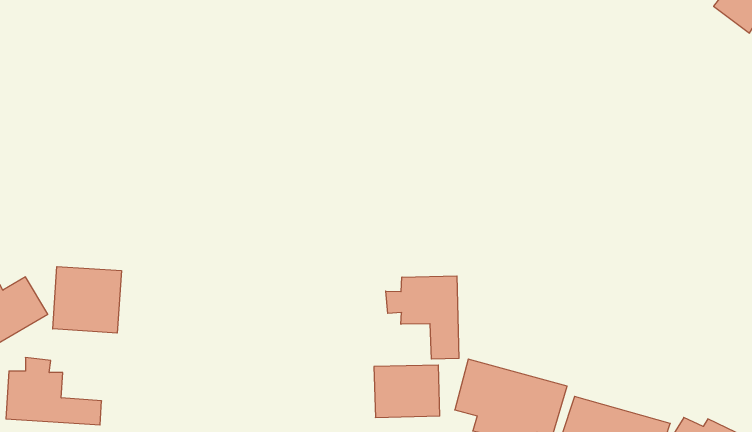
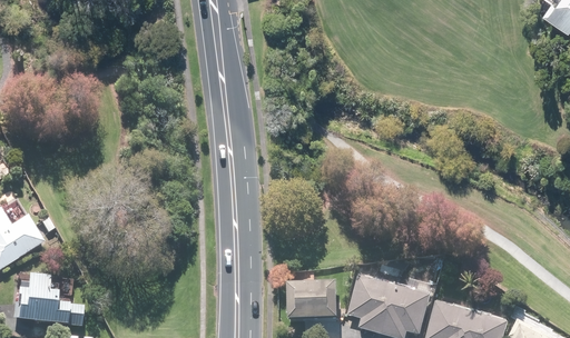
building: [53,267,121,333] -> none
building: [386,276,459,359] -> none

